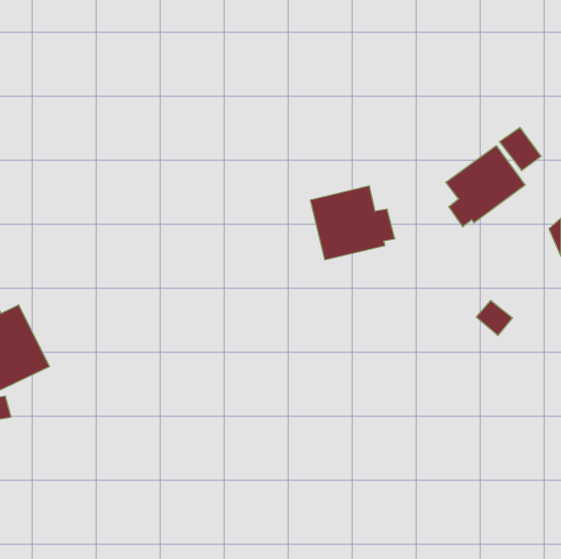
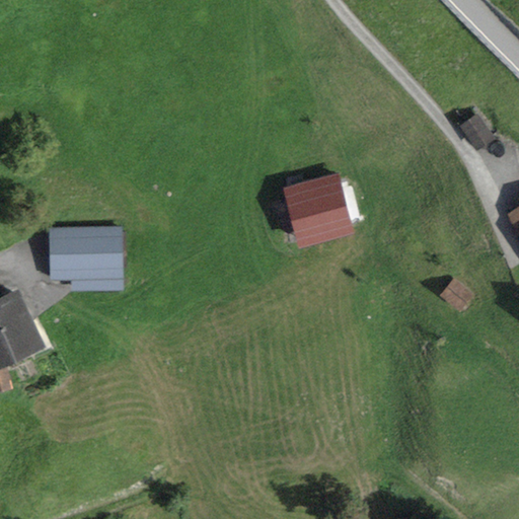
building: [446,146,525,227] -> none
building: none -> [47,226,123,291]

